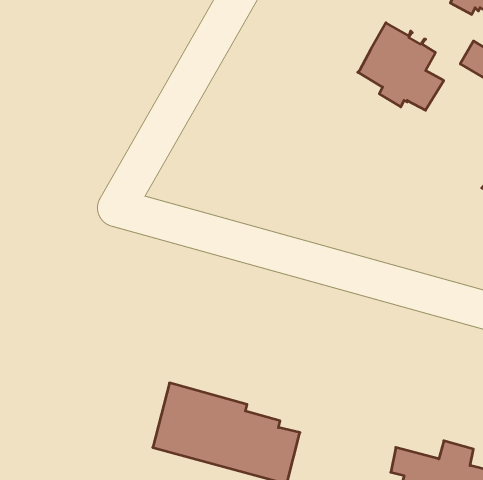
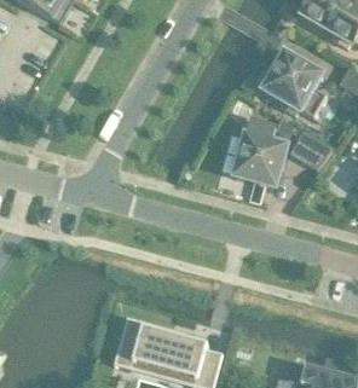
building: none -> [235,120,287,186]
building: none -> [289,128,334,168]

